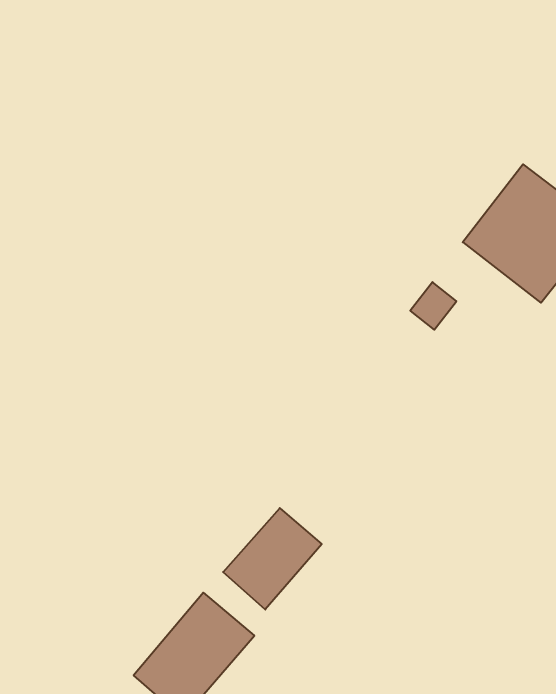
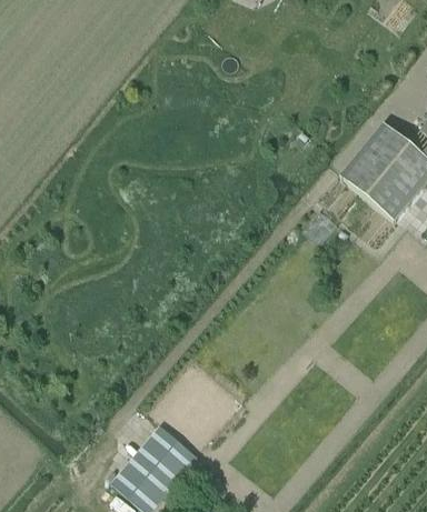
building: [223,508,322,610] -> none

